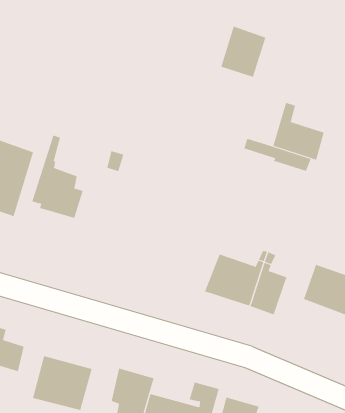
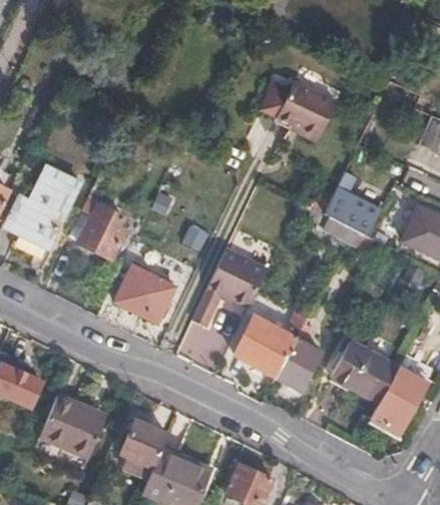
building: none -> [259,80,304,126]
building: none -> [192,244,270,322]
building: none -> [114,267,175,322]

